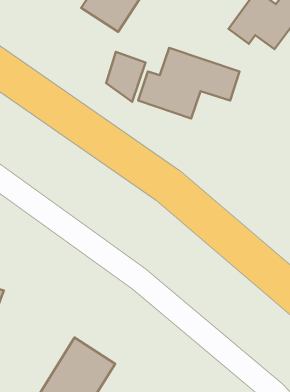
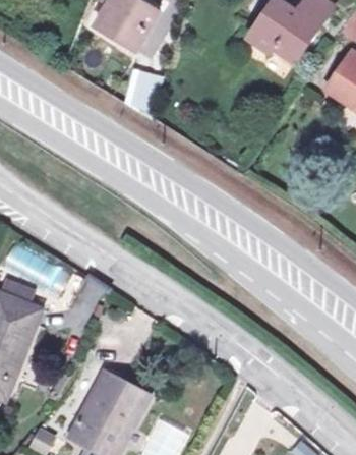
building: [138,48,240,118] -> none

